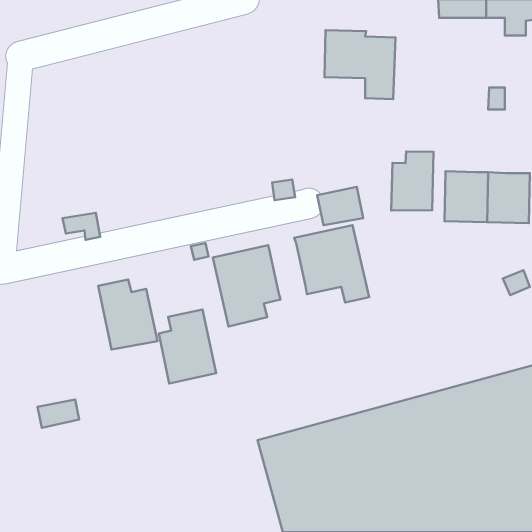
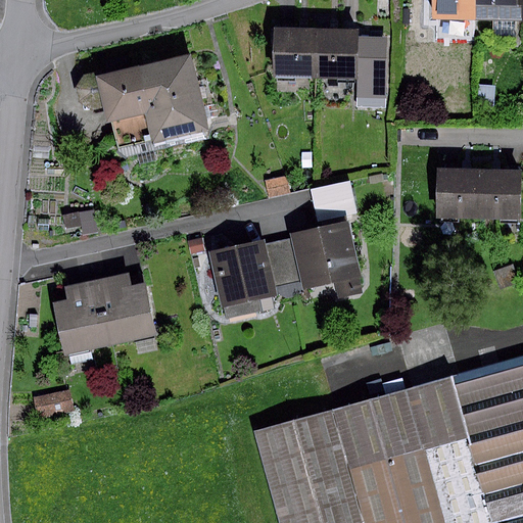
building: none -> [272,29,320,76]
building: none -> [76,52,209,151]
building: [391,151,433,211] -> none
building: none -> [265,238,300,286]
building: [159,310,216,384] -> [54,280,110,352]

